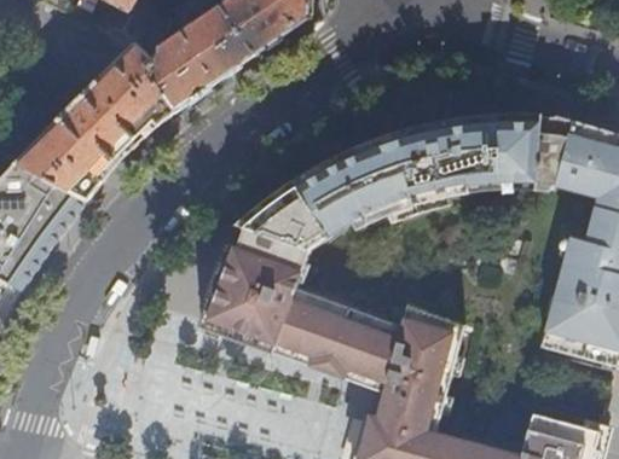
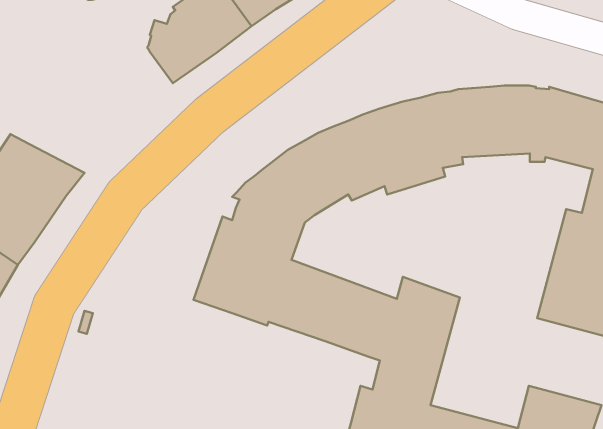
building: [15,42,177,199] -> none

